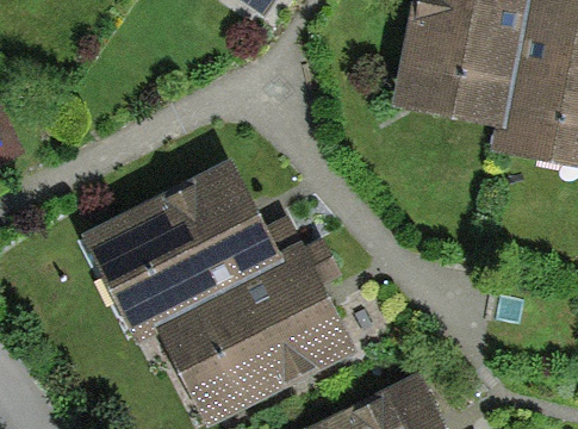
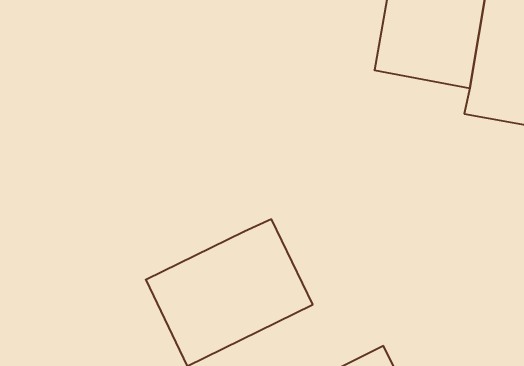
building: [98,176,269,329] -> none

